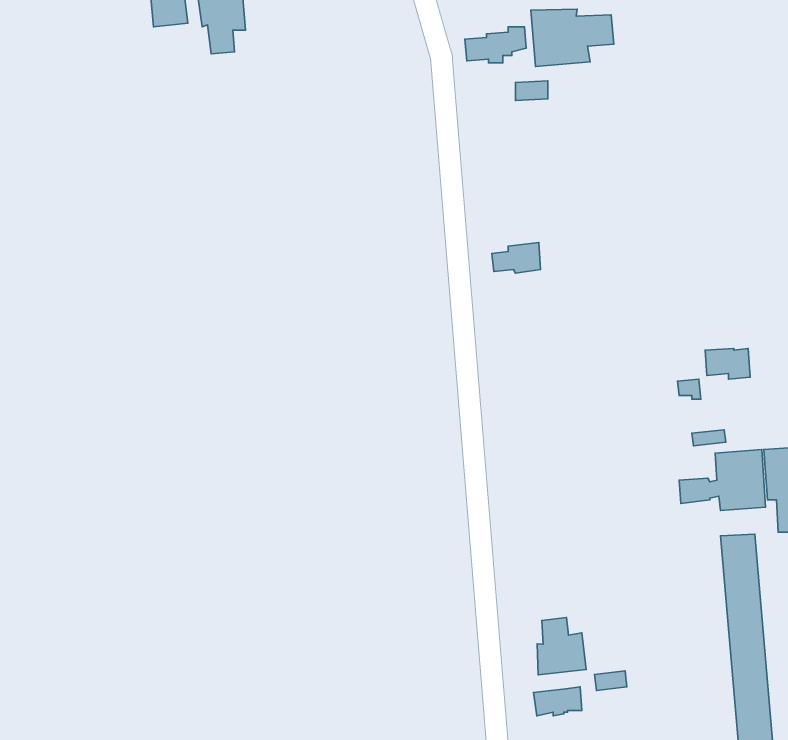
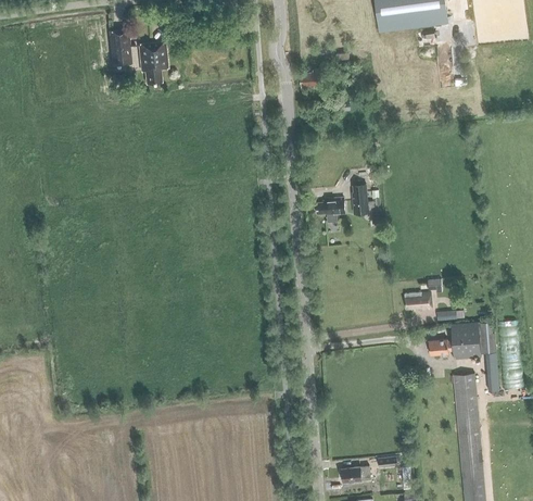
building: [531,9,614,66] -> none
building: none -> [352,184,375,214]
building: [705,348,750,379] -> [404,292,431,311]
building: [537,617,586,675] -> none

